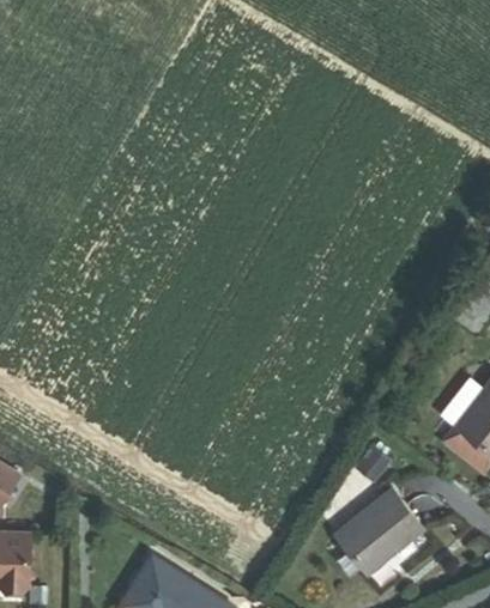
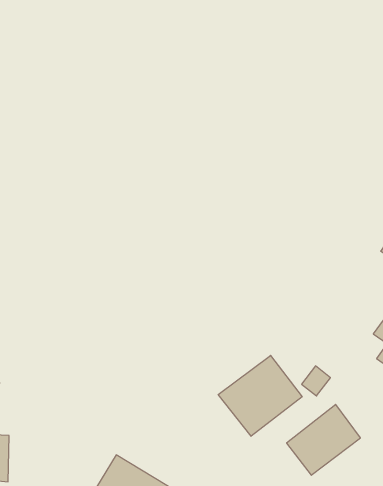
building: none -> [218,355,302,436]

